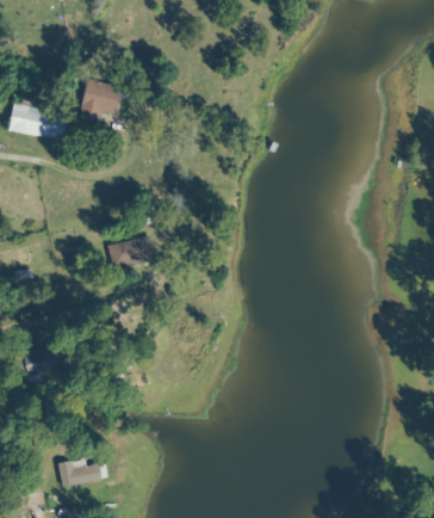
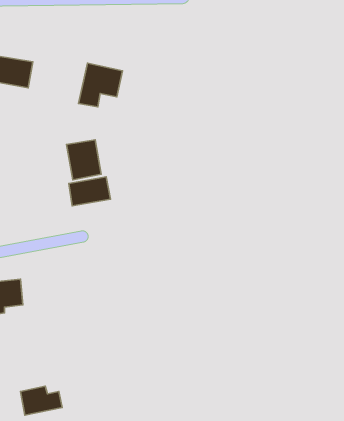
building: [78,79,124,125] -> [79,63,123,107]
building: none -> [67,140,101,180]

